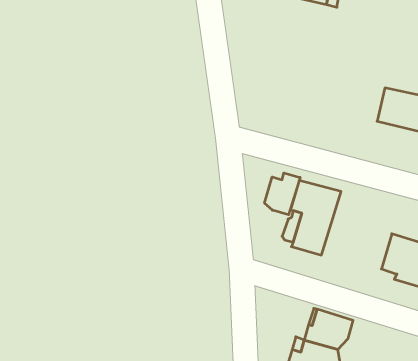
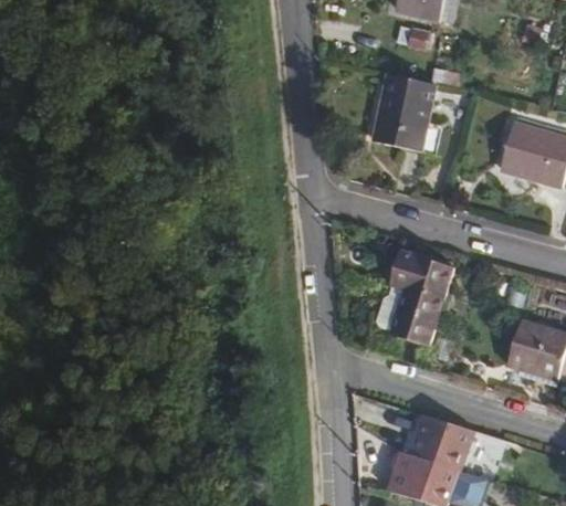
building: none -> [376,75,436,151]
building: [265,173,300,215] -> none

